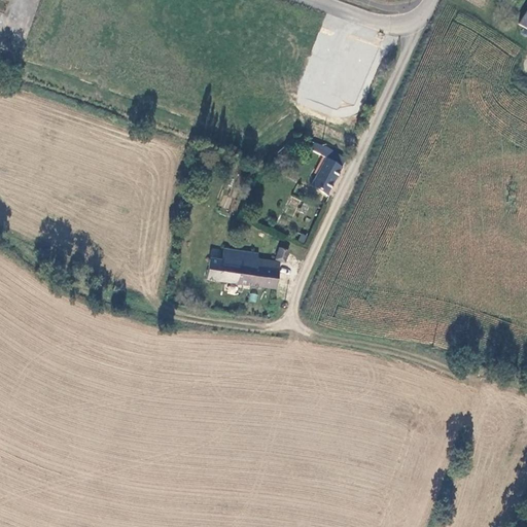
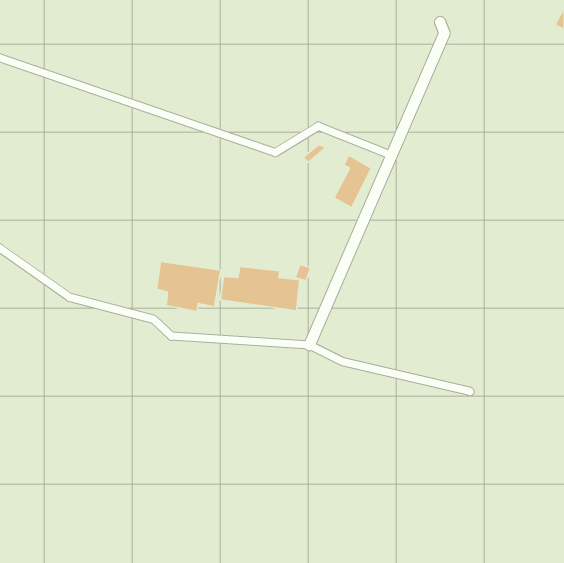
building: none -> [156,262,221,312]

